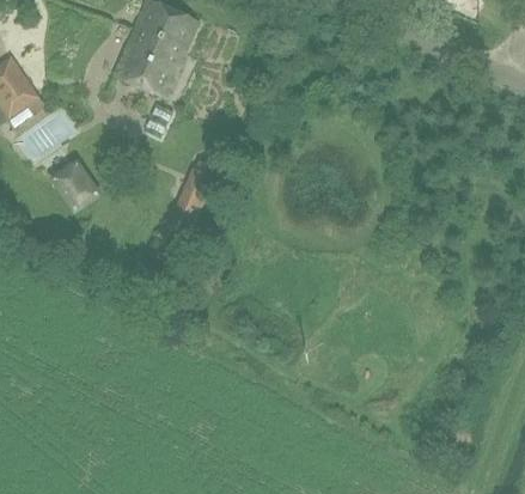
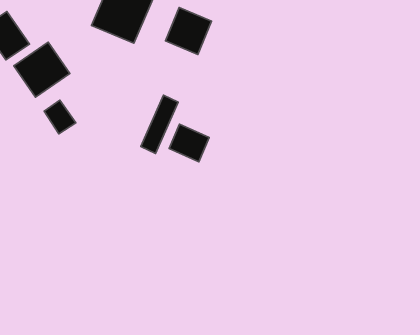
building: none -> [165,7,211,55]
building: none -> [169,124,209,162]

